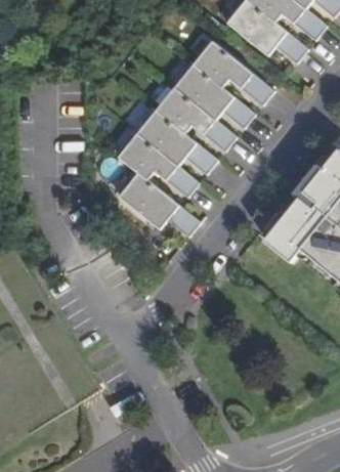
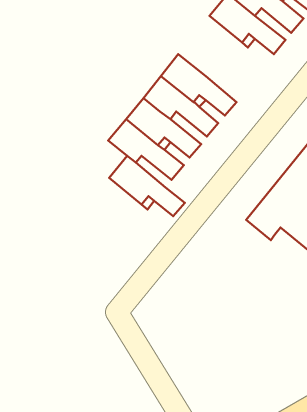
building: [192,39,272,105] -> none

